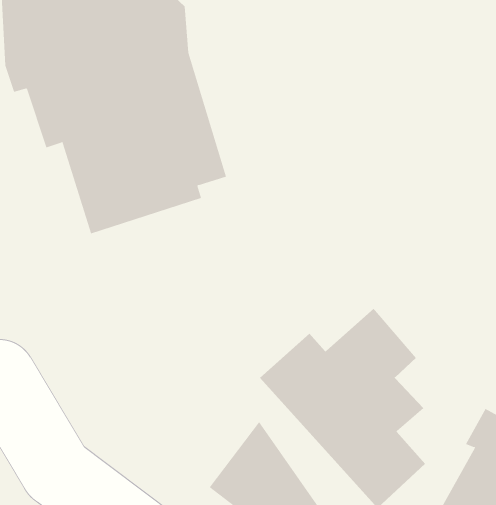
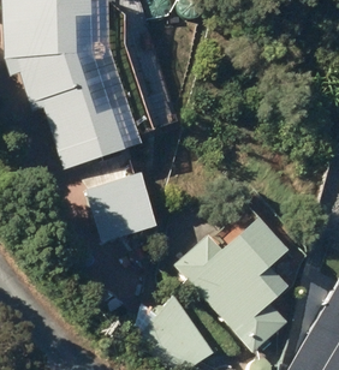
building: none -> [83,172,149,240]

